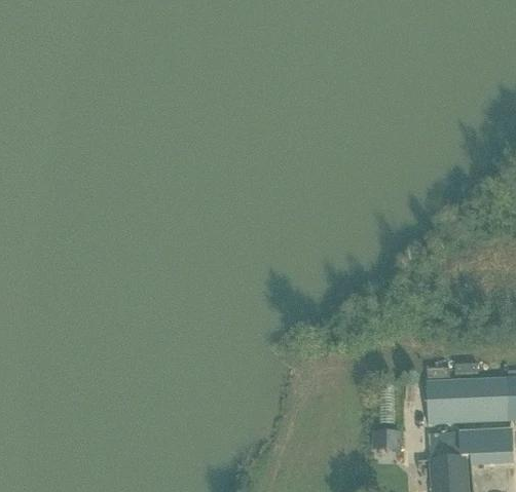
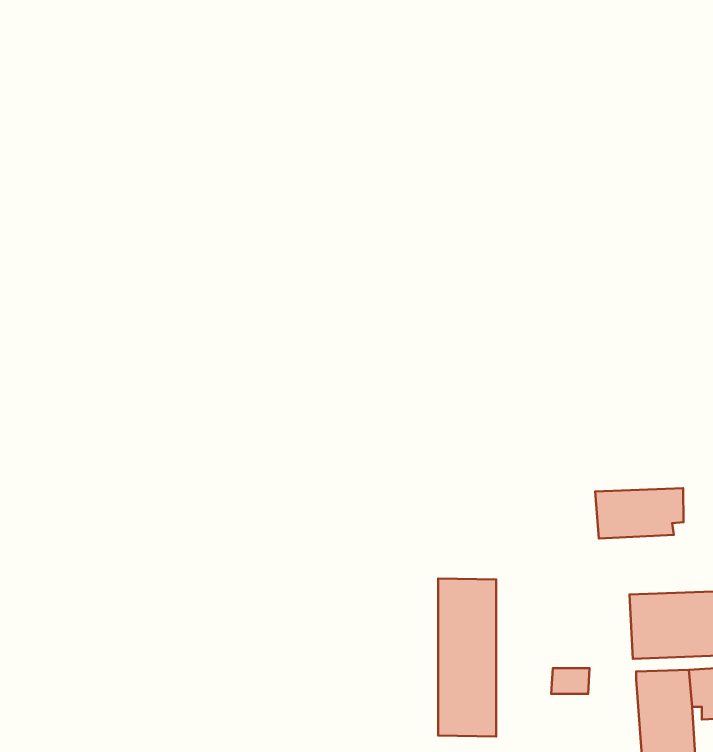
building: none -> [595,488,683,539]
building: none -> [438,578,496,737]

